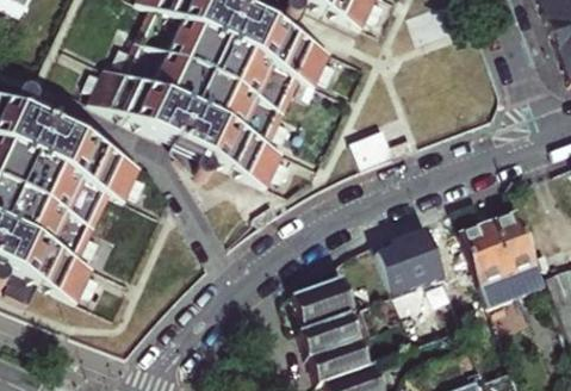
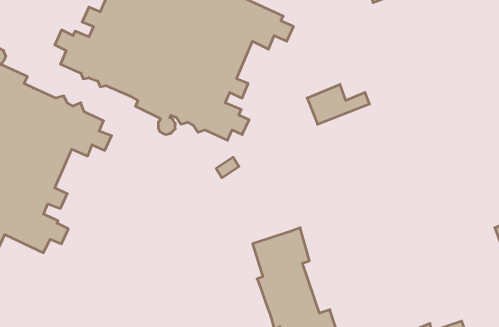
building: [460,207,545,303] -> none
building: [380,223,445,292] -> none

